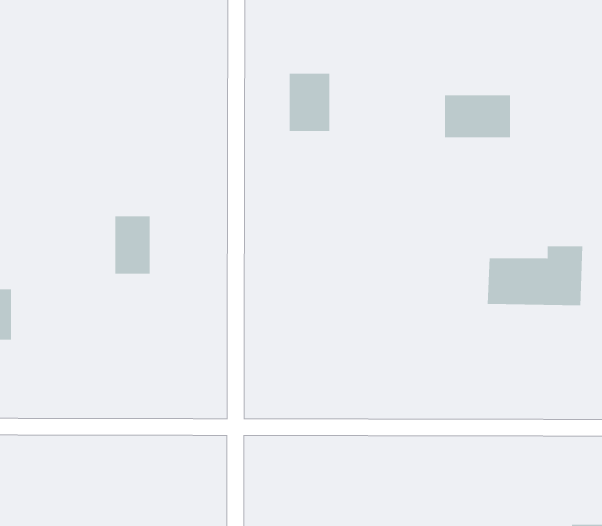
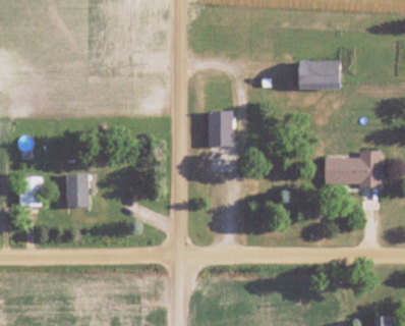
building: [289,73,330,132] -> [208,110,232,145]
building: [115,216,151,274] -> [67,173,89,208]

